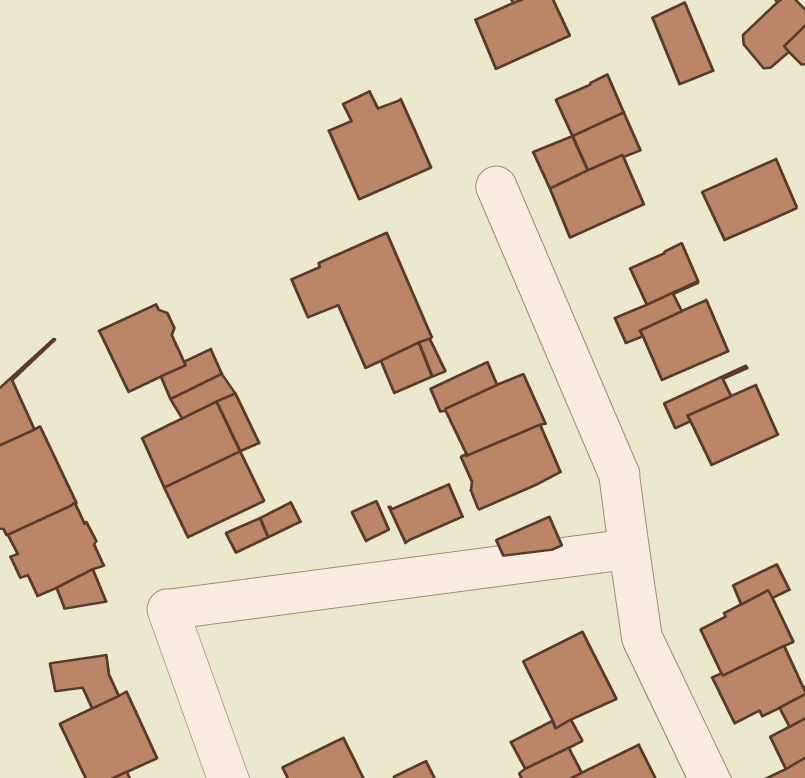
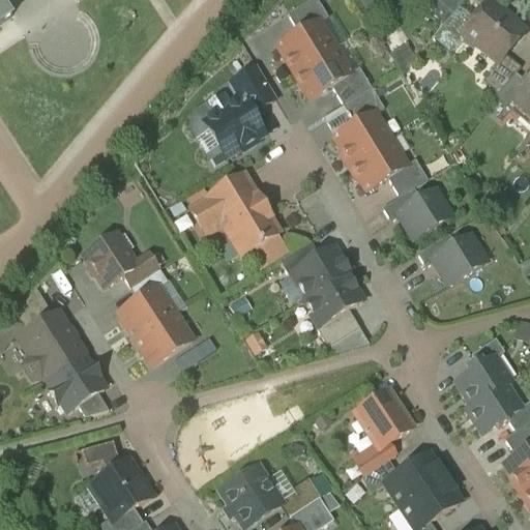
building: none -> [295,45,351,95]
building: none -> [232,64,277,111]
building: [702,159,797,240] -> [351,137,407,187]
building: [389,484,463,543] -> [317,307,360,345]

